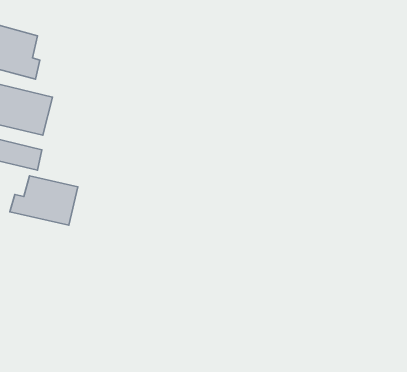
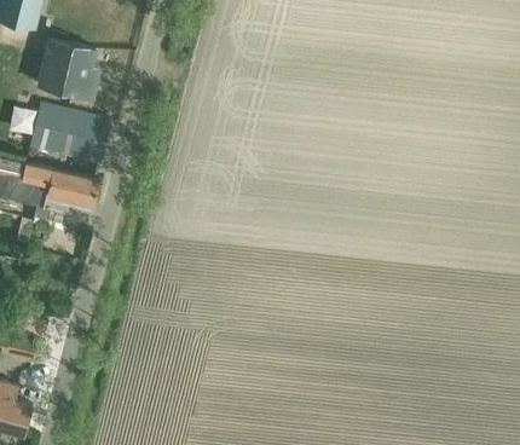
building: [10,176,78,225] -> none

